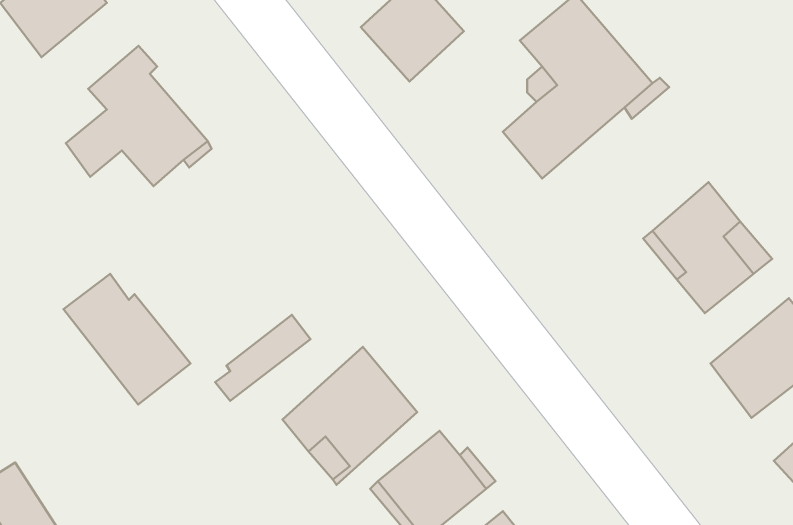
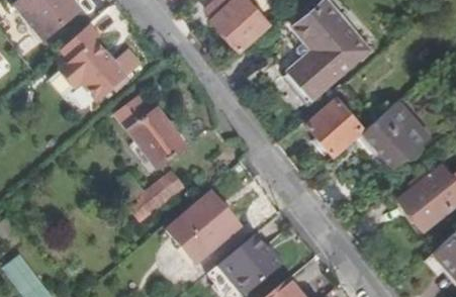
building: none -> [307,98,362,152]
building: [64,274,191,404] -> [117,100,186,171]

